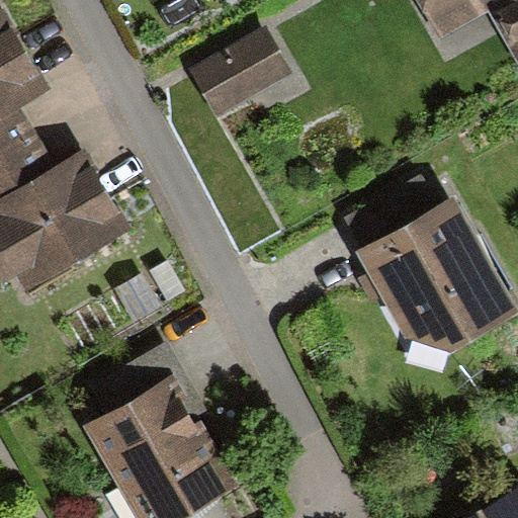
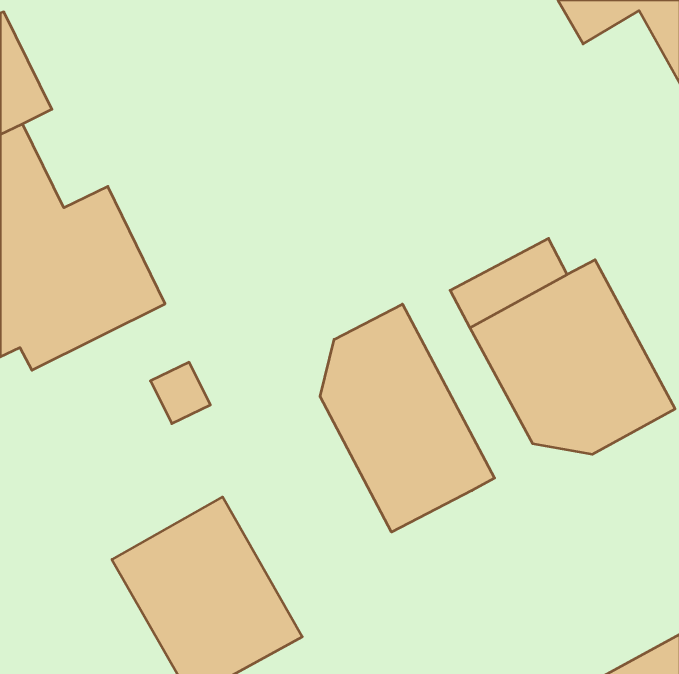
building: [189,27,288,114] -> none
building: none -> [320,304,495,532]

